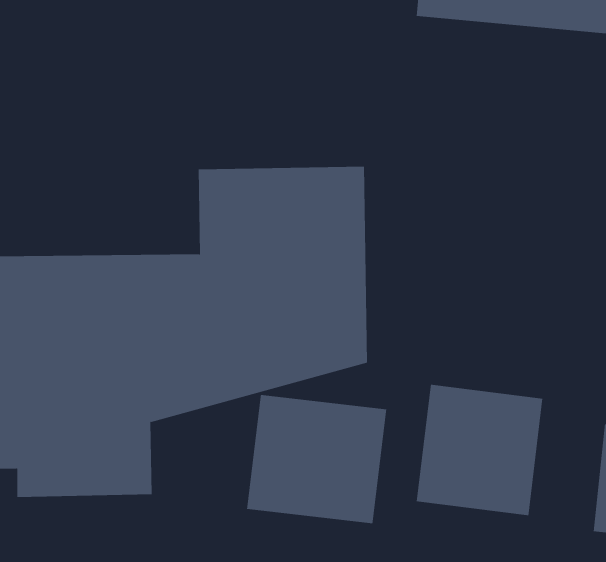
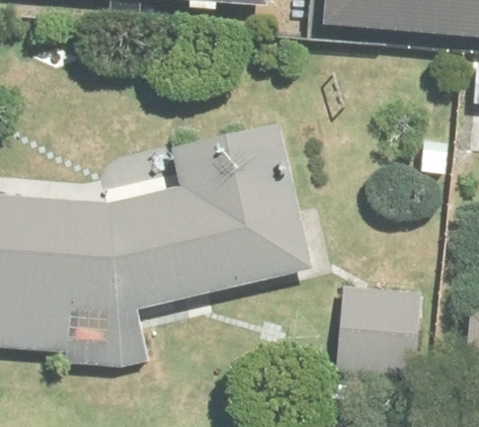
building: [247,394,387,524] -> none

